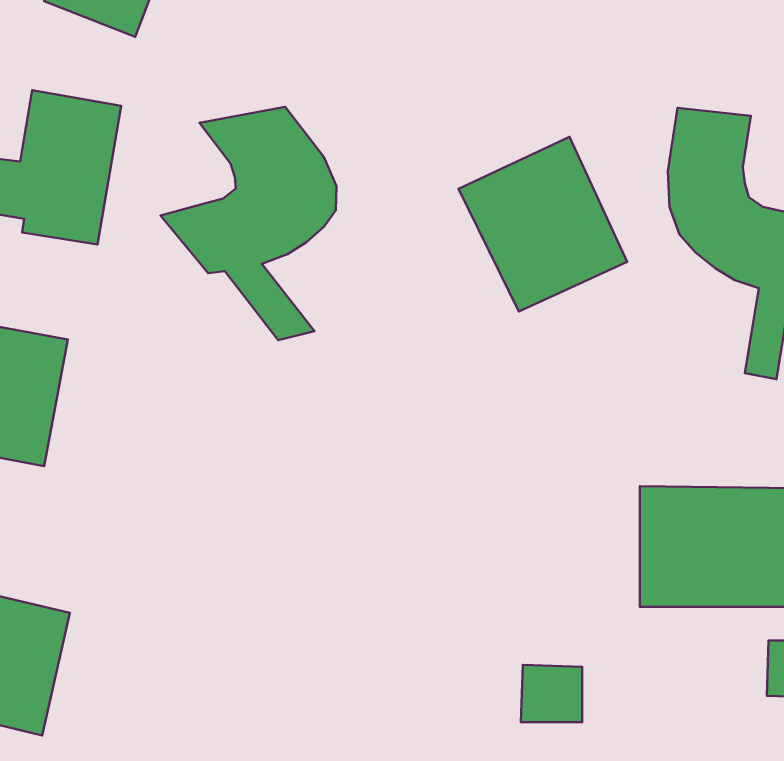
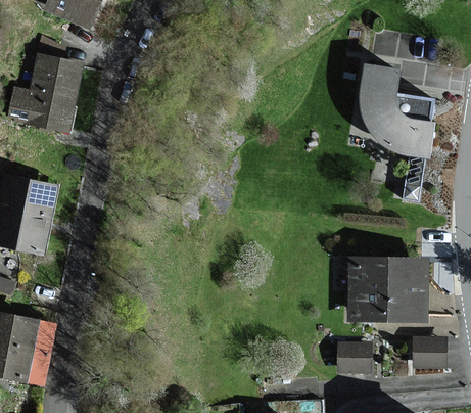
building: [161,107,336,340] -> none
building: [459,137,627,312] -> none
building: [521,665,582,722] -> [340,343,372,373]

